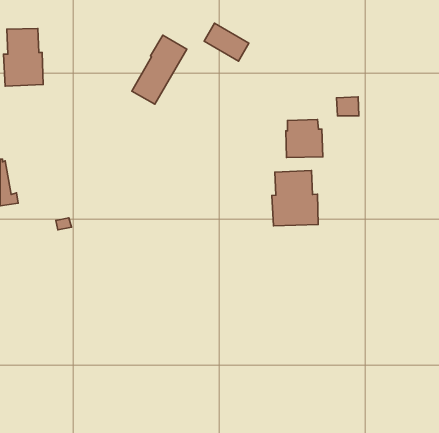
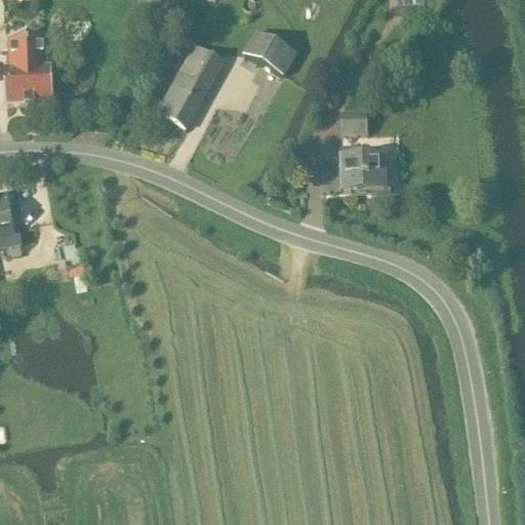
building: [337,97,359,116] -> [341,110,368,132]
building: [272,171,318,226] -> none

